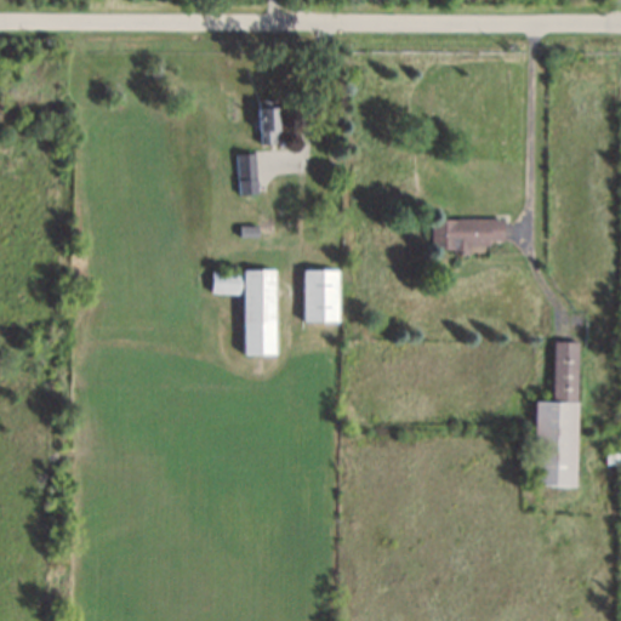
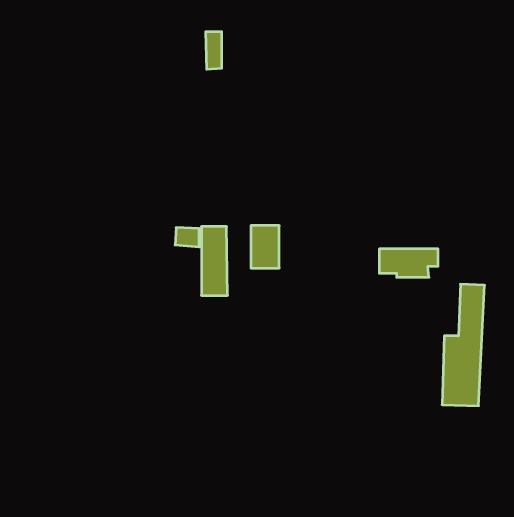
building: [261,99,280,144] -> [206,32,222,69]
building: [239,153,258,194] -> none
building: [434,220,505,253] -> [379,249,438,277]

